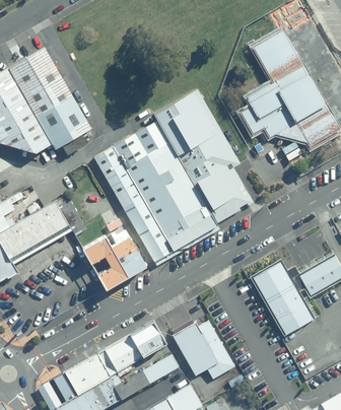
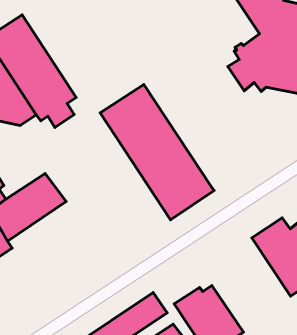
building: [154,91,256,225] -> none
building: [93,146,175,265] -> none
building: [80,219,146,290] -> none

